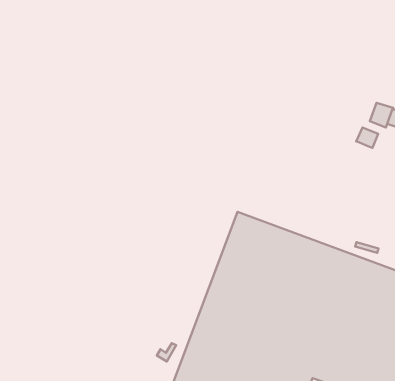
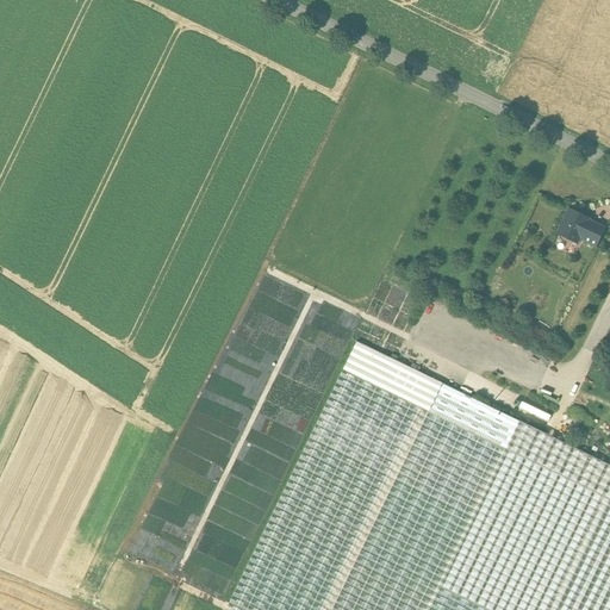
building: [356,128,378,148] -> none

